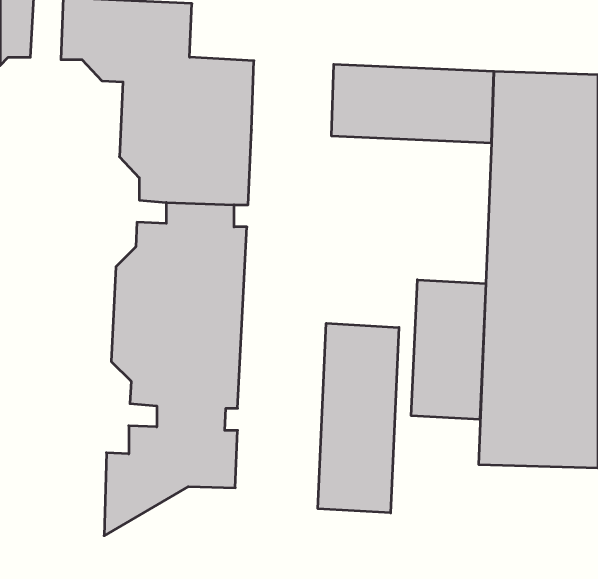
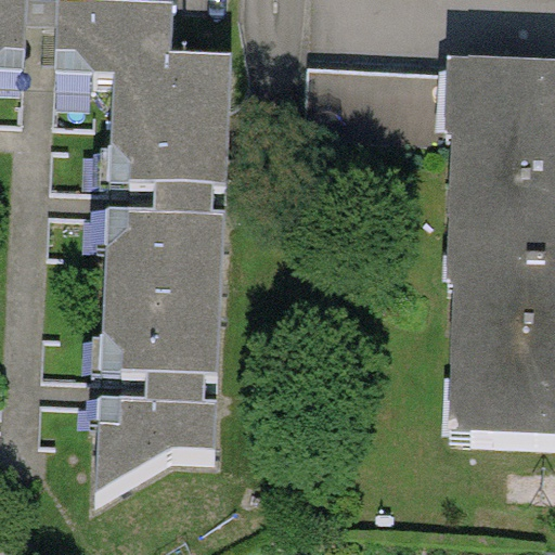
building: [411,280,486,420] -> none
building: [318,323,399,513] -> none

